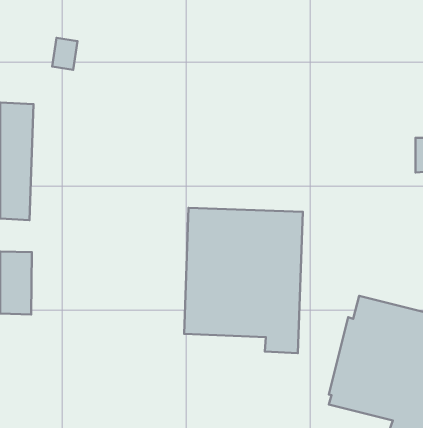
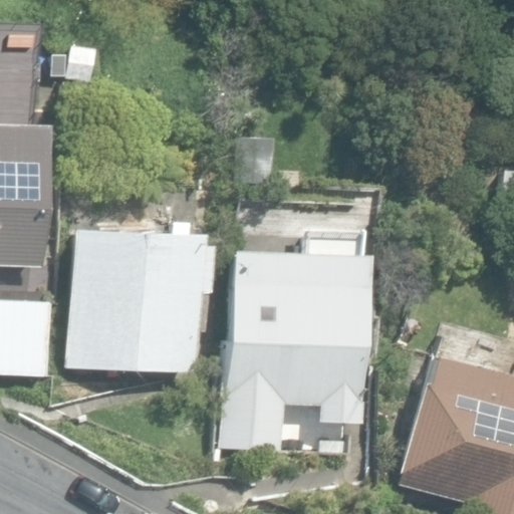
building: none -> [72,231,213,371]

